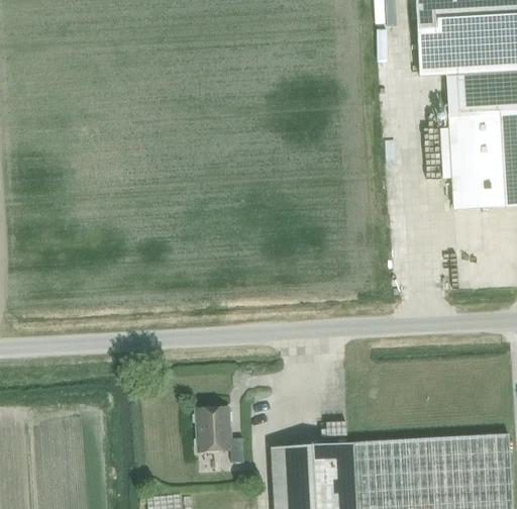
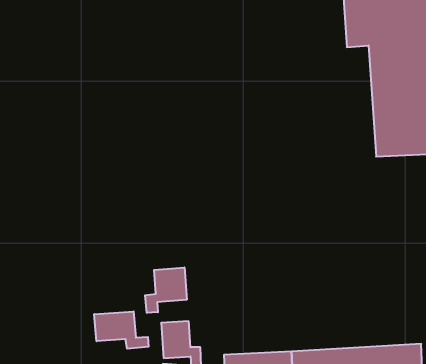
building: none -> [145,267,187,313]
building: none -> [94,311,148,349]

